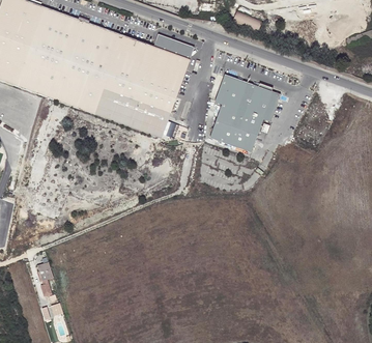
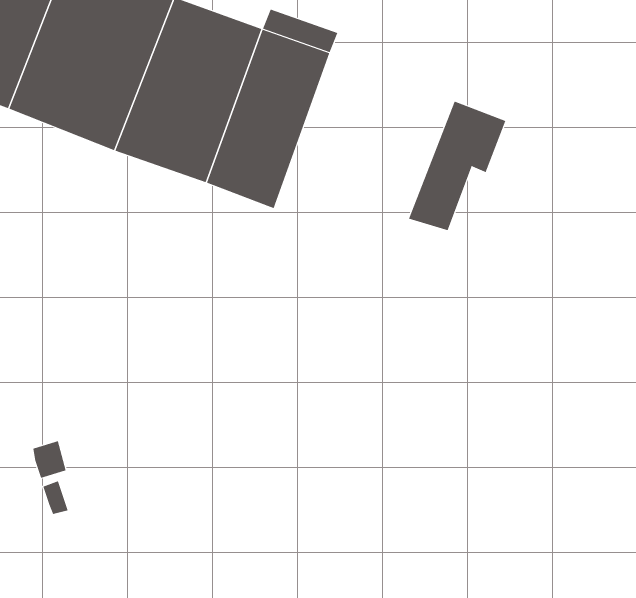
building: [209,72,254,144] -> none

